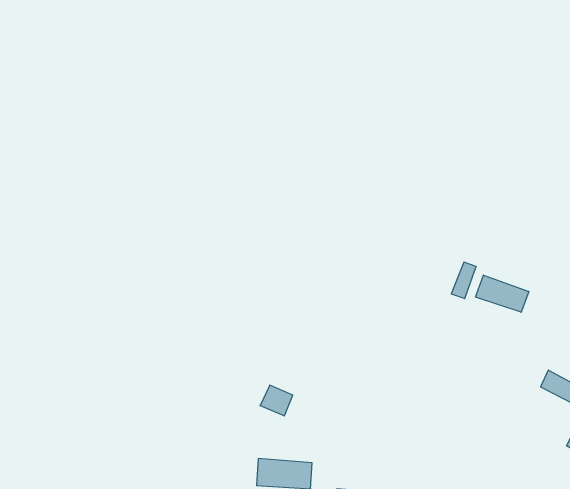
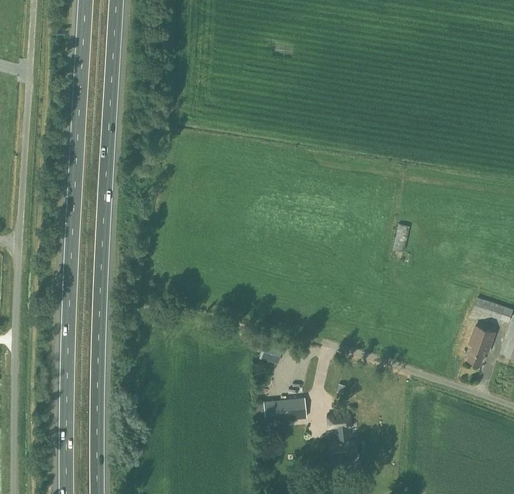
building: [476,275,529,312] -> none
building: none -> [468,326,495,364]

